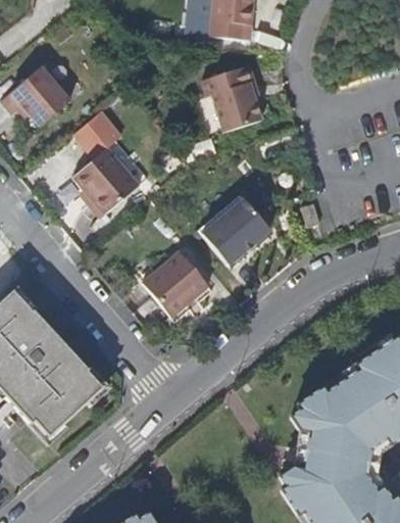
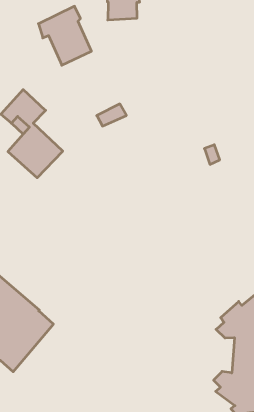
building: [201,61,259,129] -> [38,6,91,65]
building: [204,196,272,266] -> none
building: [144,251,209,317] -> none

